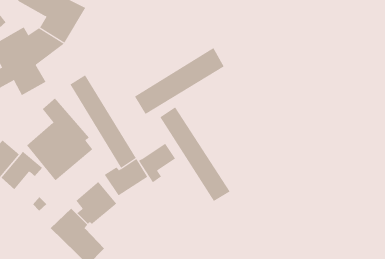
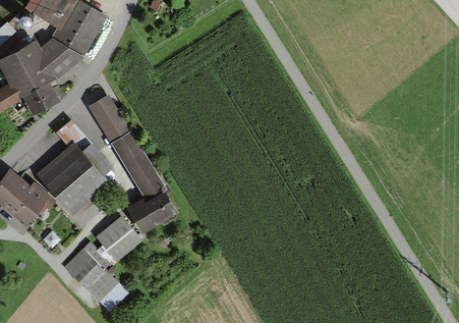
building: [134,47,225,115] -> none
building: [159,106,230,202] -> none
building: [138,143,176,183] -> none

